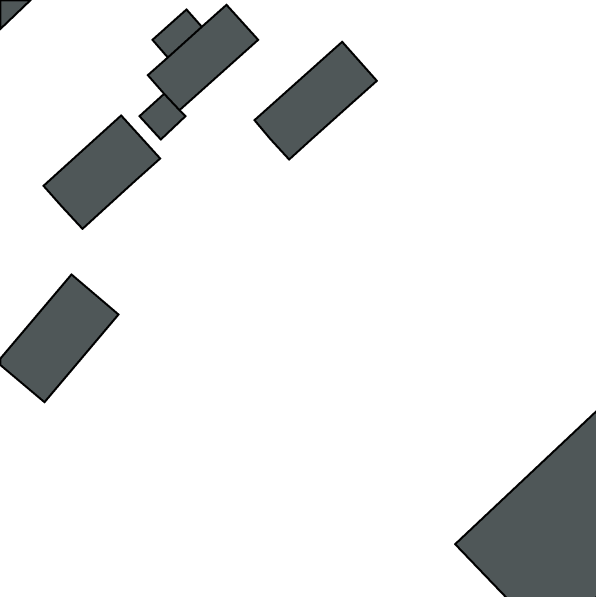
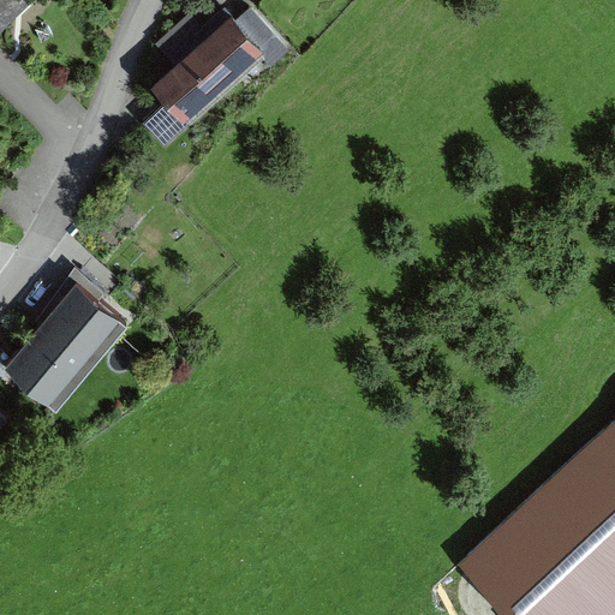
building: [254,42,377,159] -> none
building: [44,115,160,229] -> none

